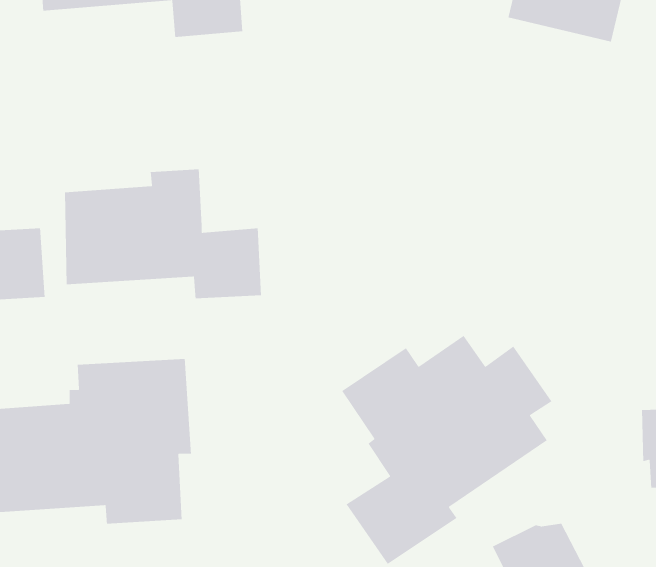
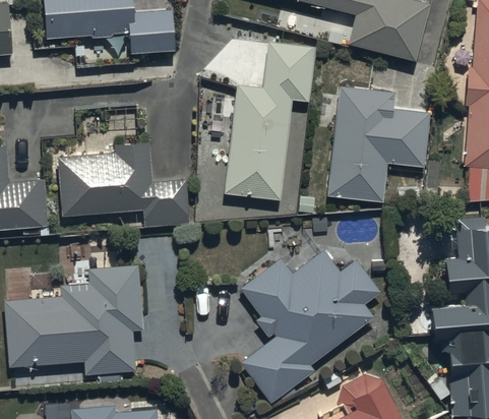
building: none -> [225,44,314,199]
building: none -> [328,85,428,203]

